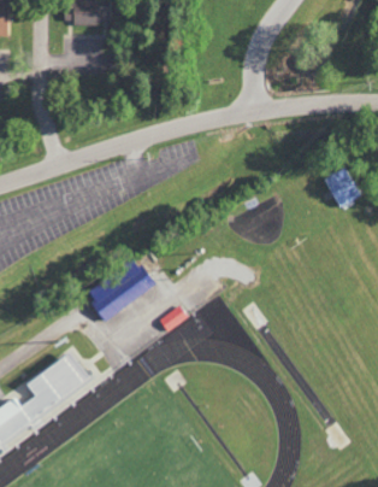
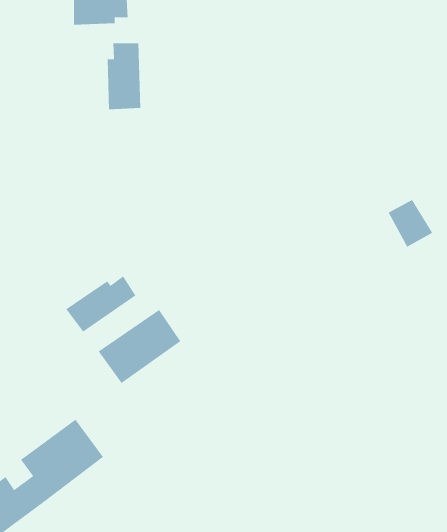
building: none -> [107,43,141,110]
building: none -> [65,276,136,332]

